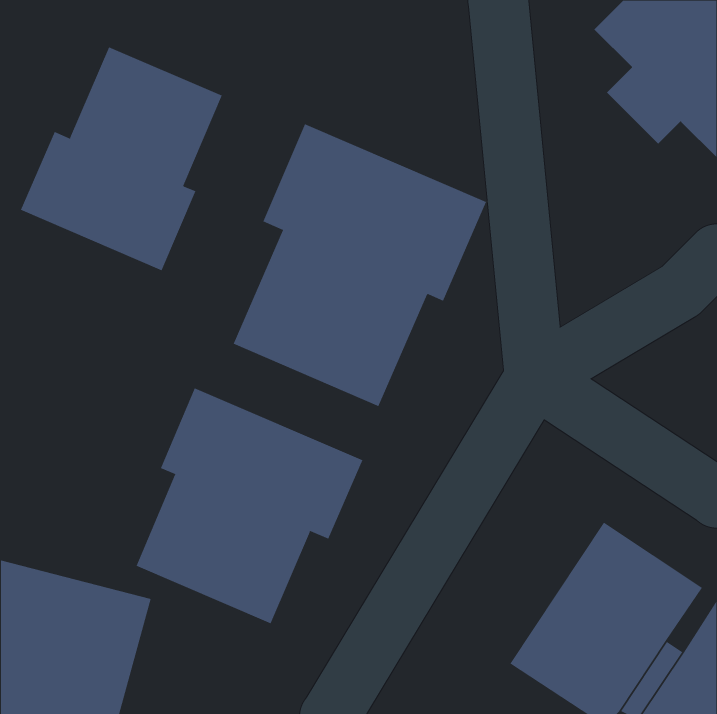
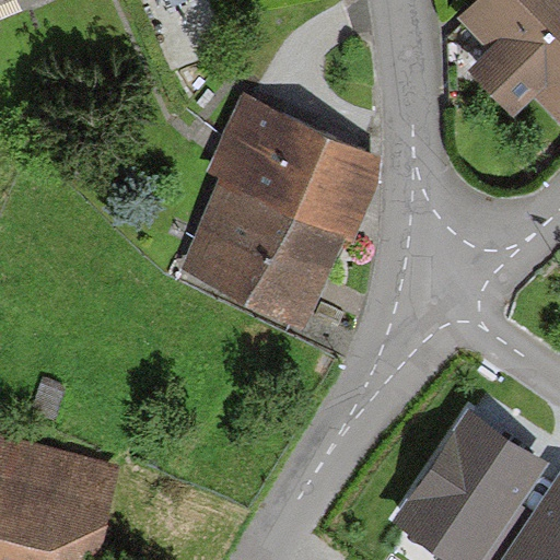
building: [20,46,222,271] -> none
building: [136,387,363,624] -> none

